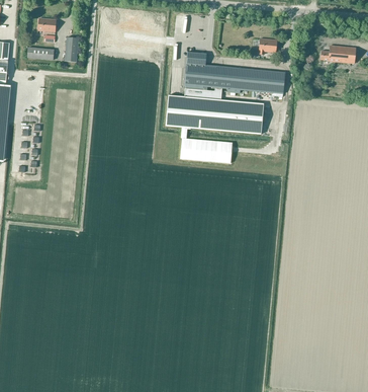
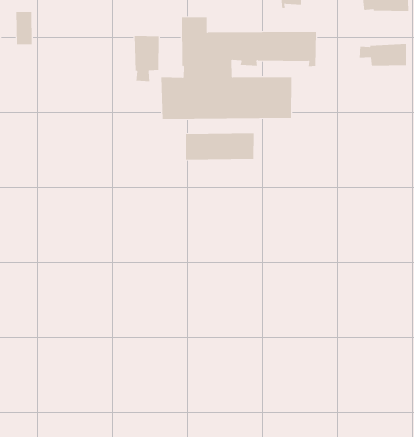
building: none -> [134,35,159,82]
building: none -> [359,43,407,66]

